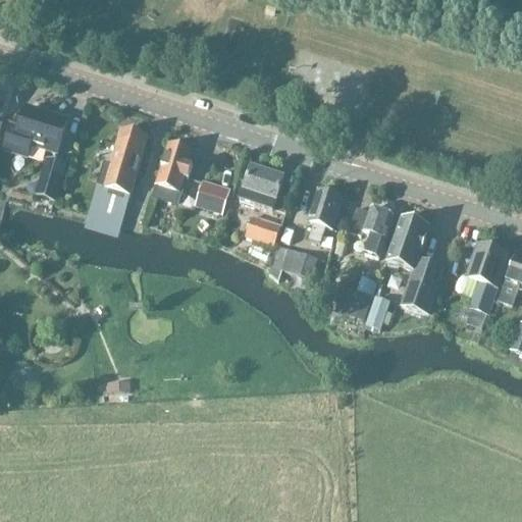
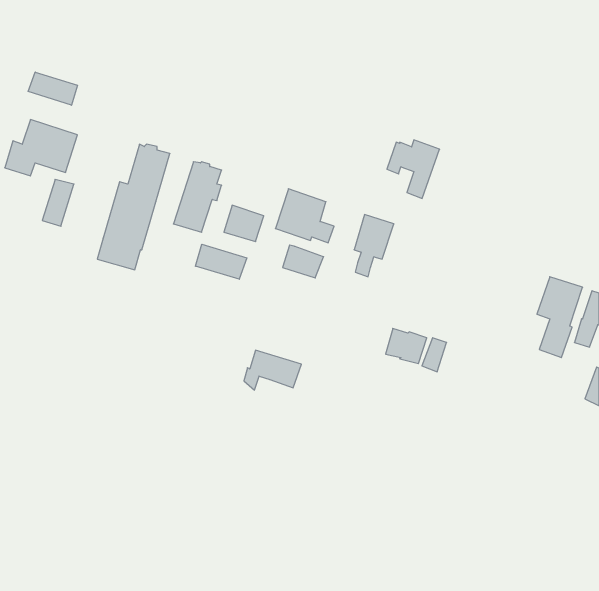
building: none -> [28,72,78,105]
building: [348,204,394,255] -> [387,140,440,198]
building: none -> [195,244,247,279]
building: [387,215,445,311] -> none
building: [268,244,318,278] -> [244,350,301,390]

